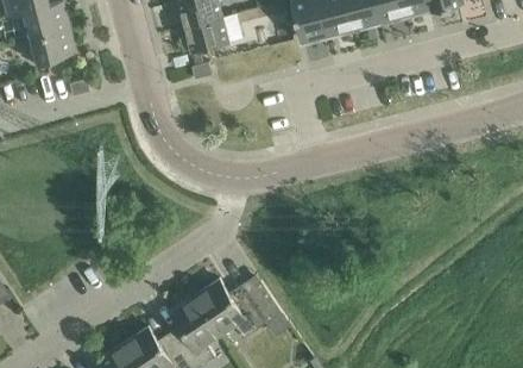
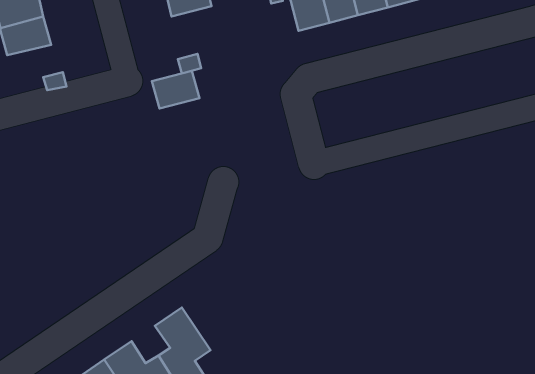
building: [185,18,229,52] -> [152,71,200,108]
building: [195,279,282,338] -> none

